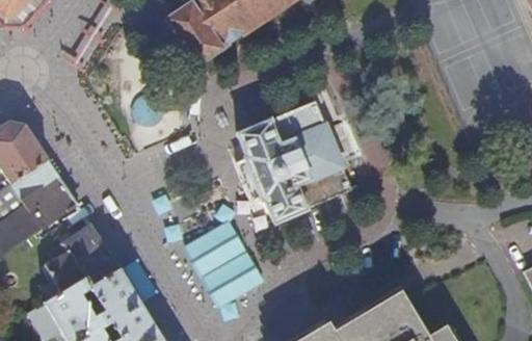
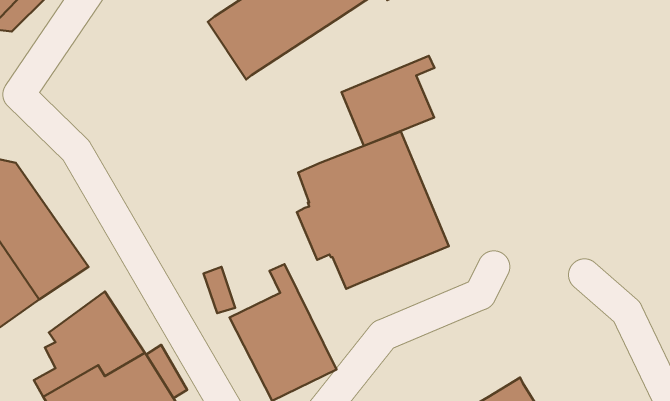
building: none -> [341,56,434,146]

